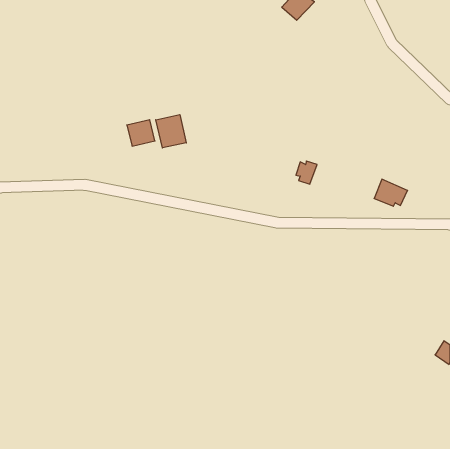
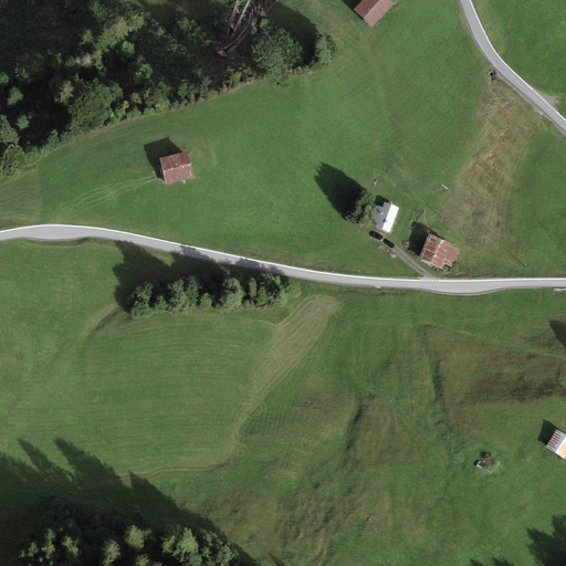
building: [156,115,186,148] -> none
building: [374,179,408,206] -> [419,233,461,268]

